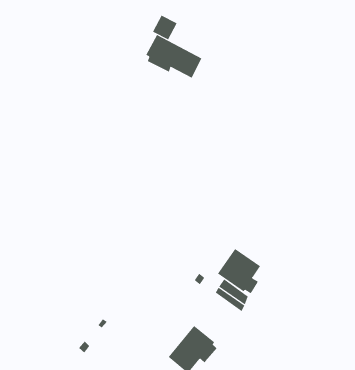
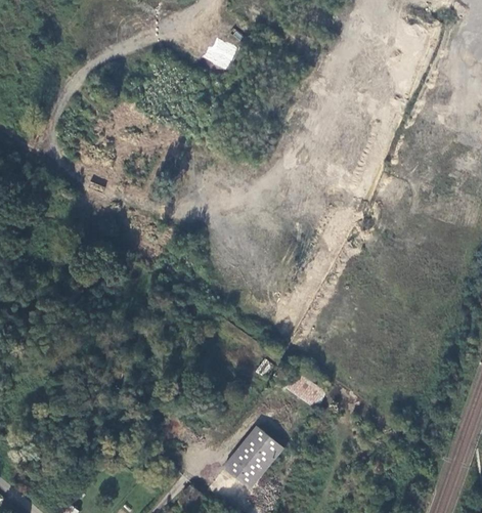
building: [146,34,202,79] -> none
building: [217,248,261,294] -> none

